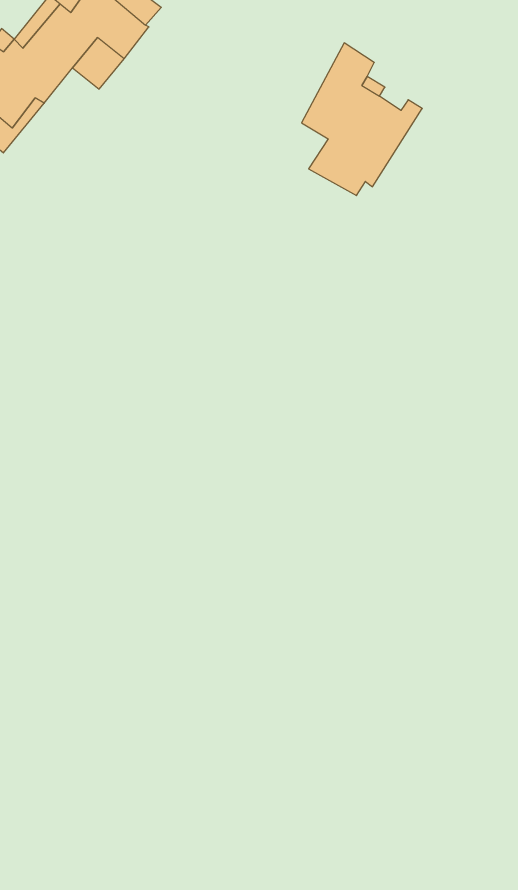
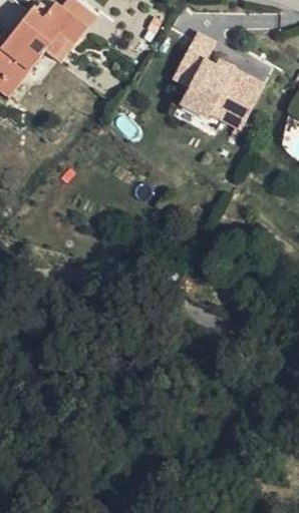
building: none -> [213,71,264,130]

